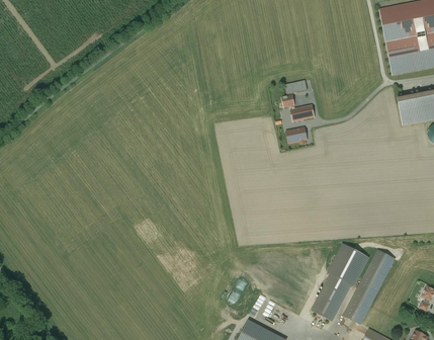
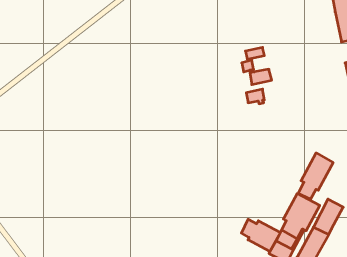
building: none -> [298,153,333,199]
building: none -> [241,219,280,252]

